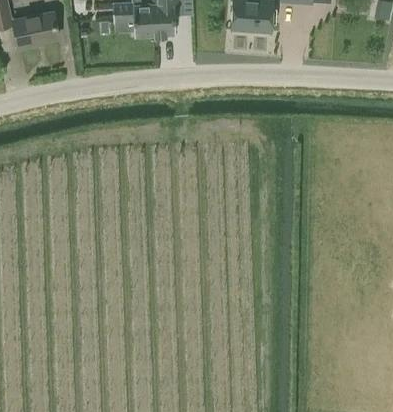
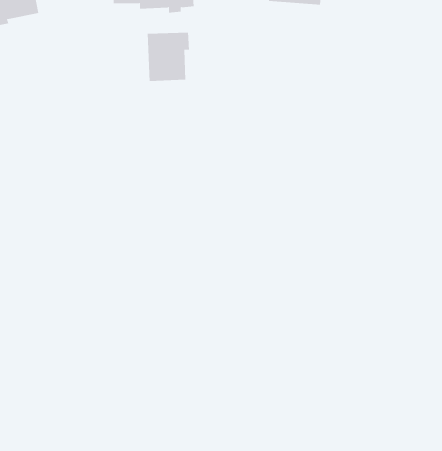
building: none -> [147,32,189,82]

